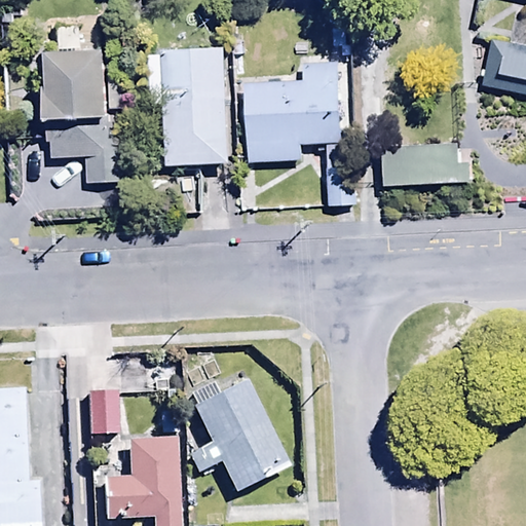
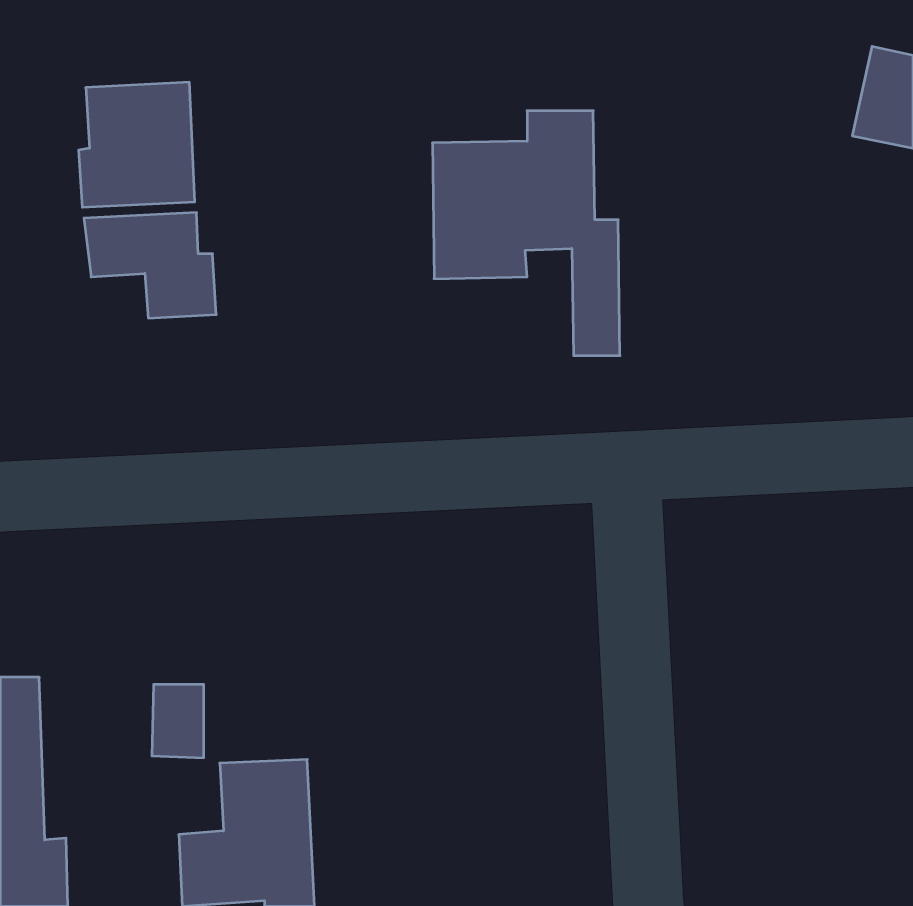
building: [163,48,229,164] -> none
building: [385,143,473,186] -> none
building: [187,368,288,495] -> none

